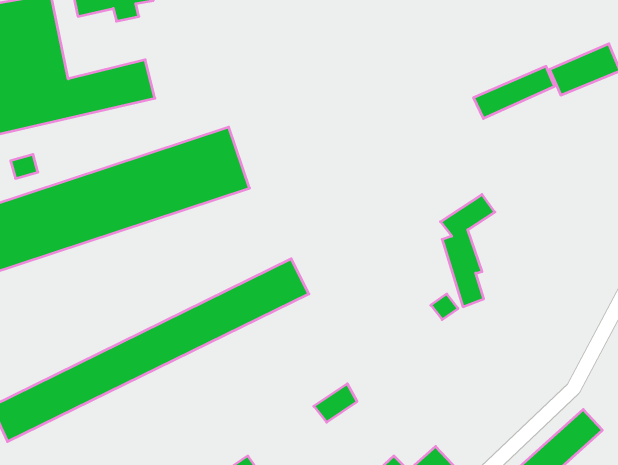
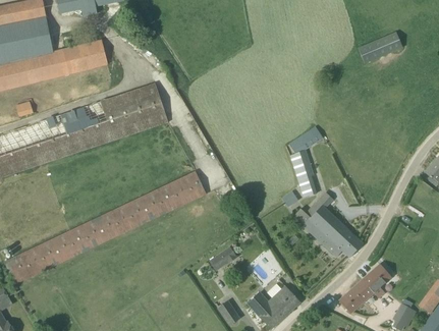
building: [474,66,554,119] -> none
building: none -> [294,192,363,259]

